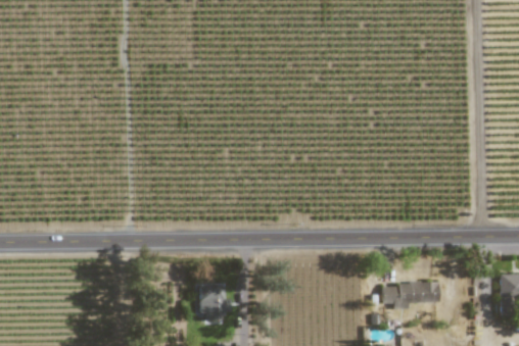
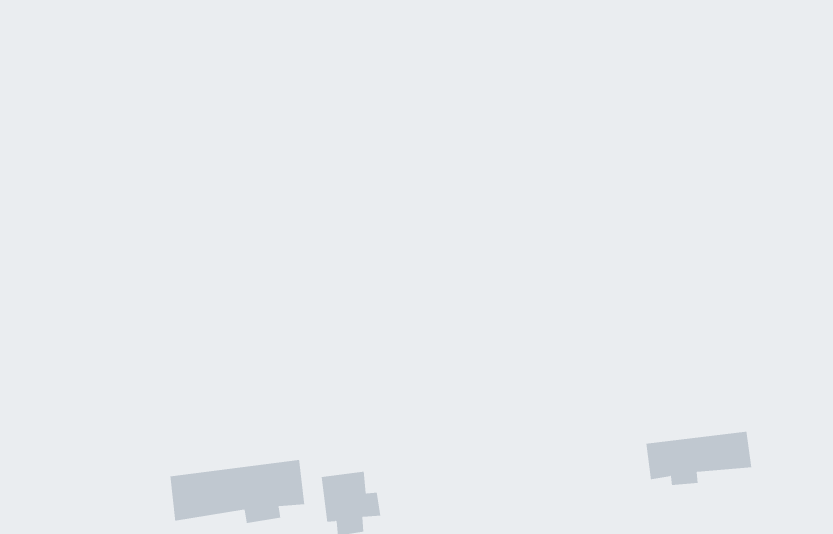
building: none -> [170,459,305,524]

